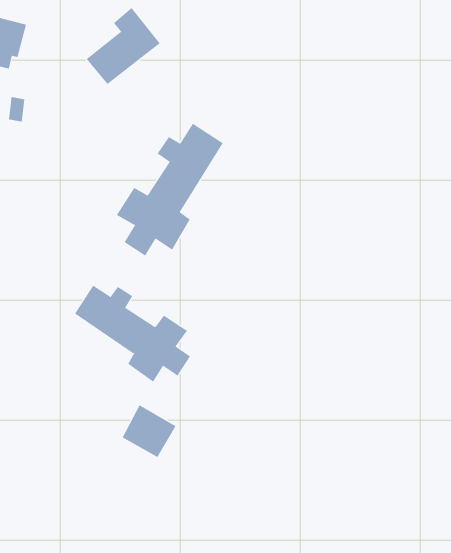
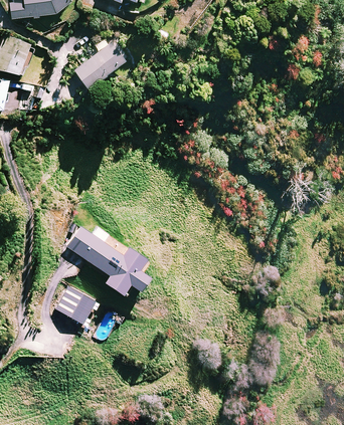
building: [116,123,224,257] -> none
building: [122,405,177,458] -> [57,286,96,324]

